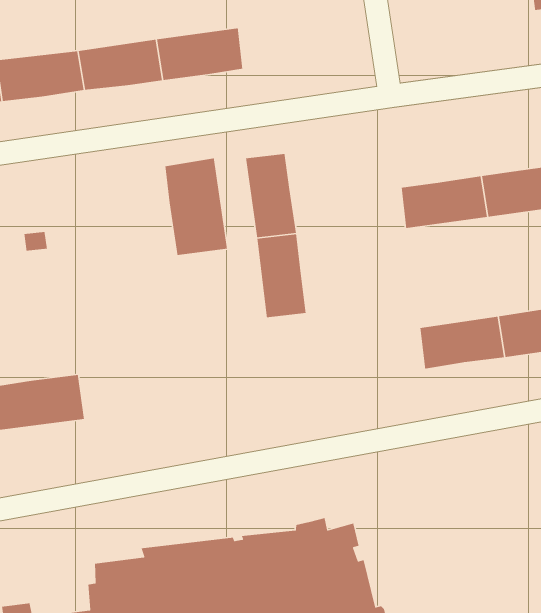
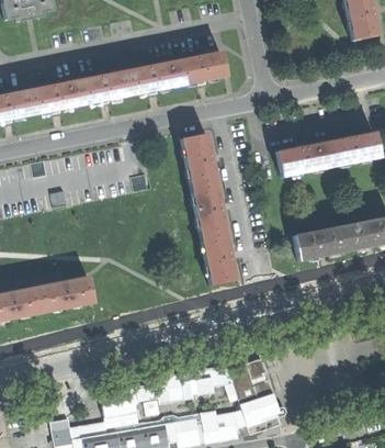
building: none -> [174,49,227,85]
building: [164,157,228,256] -> none
building: none -> [202,231,236,283]

